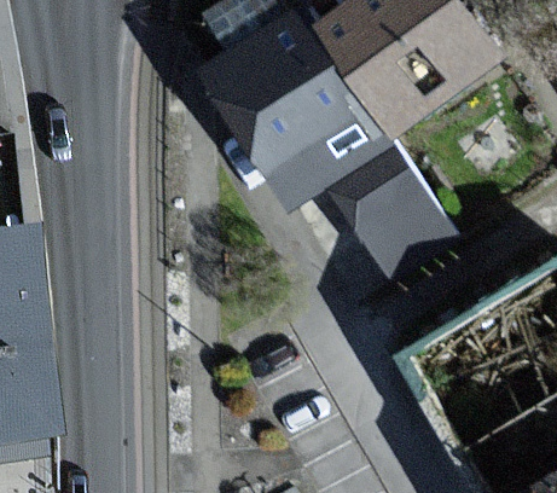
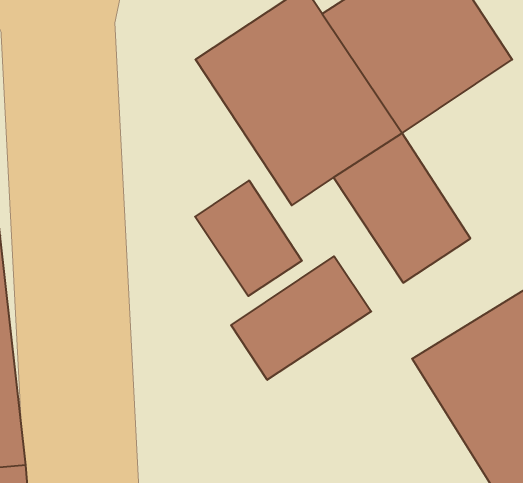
building: none -> [195,180,302,296]
building: none -> [231,256,371,380]

